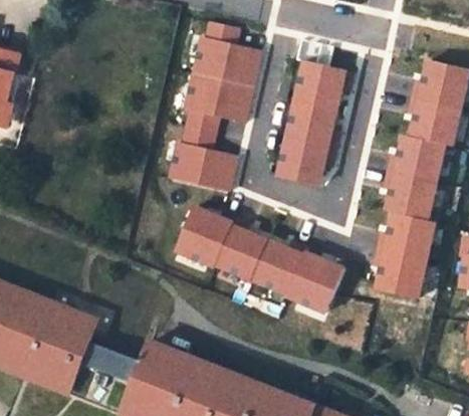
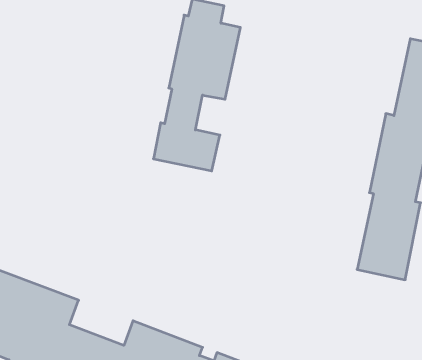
building: [277,63,344,185] -> none
building: [174,206,342,315] -> none

